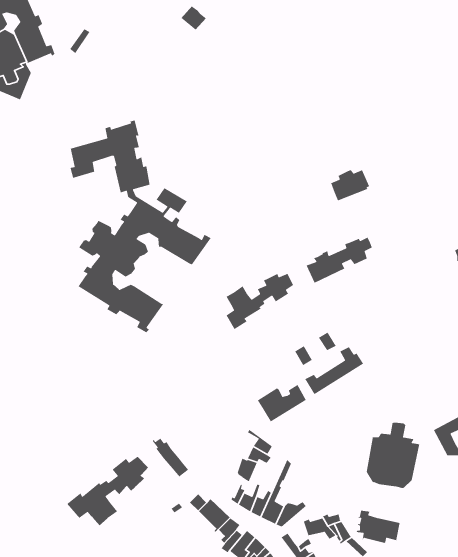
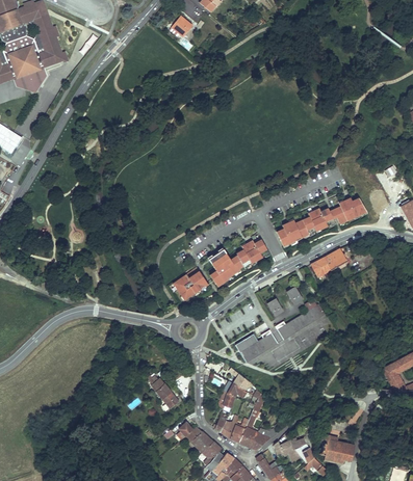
building: [69,119,212,333] -> none
building: [330,169,370,202] -> [333,198,366,225]
building: none -> [310,248,345,276]
building: none -> [172,270,207,299]
building: [366,422,420,489] -> none
building: [66,456,149,526] -> none

